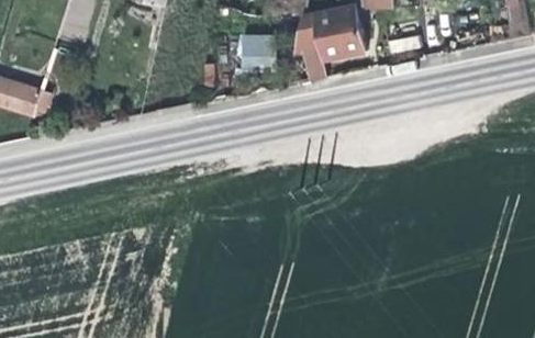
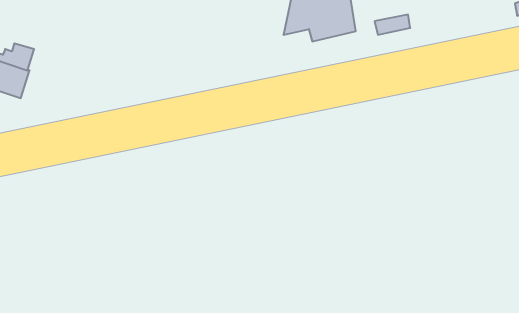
building: [239,37,272,71] -> none

